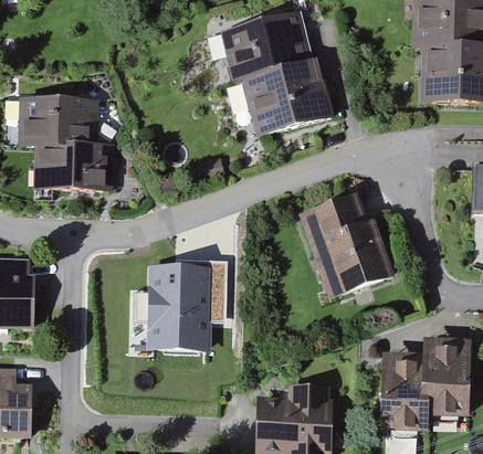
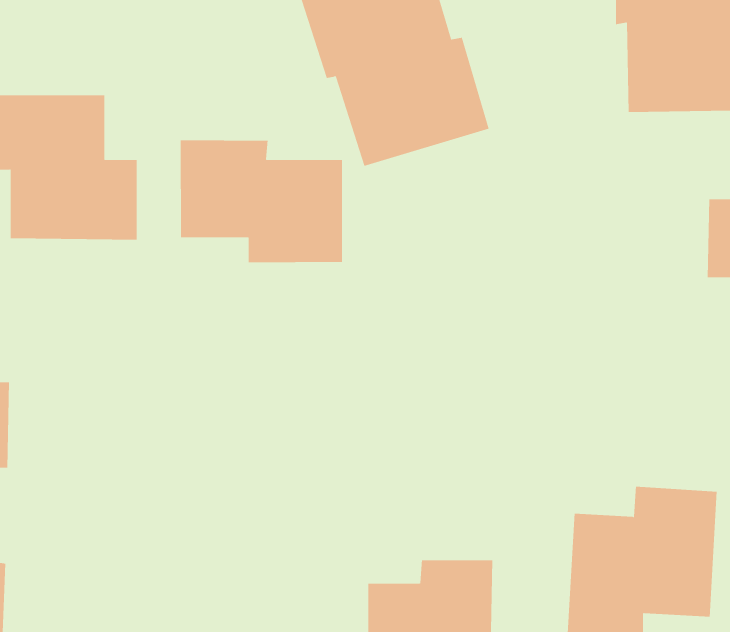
building: none -> [180,139,342,263]
building: [298,193,395,298] -> none
building: [154,255,225,351] -> none

